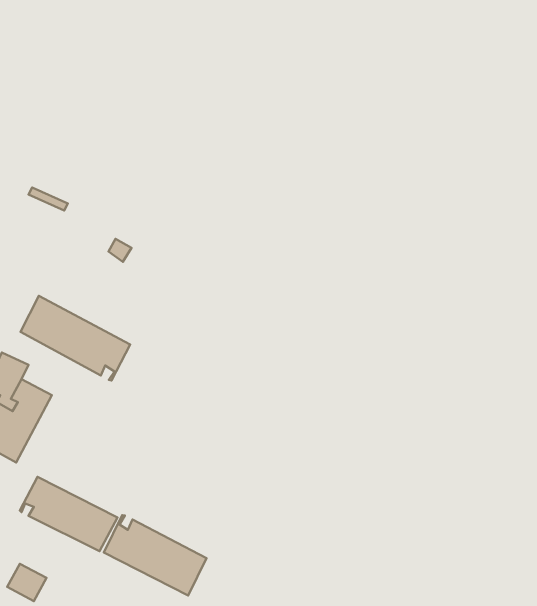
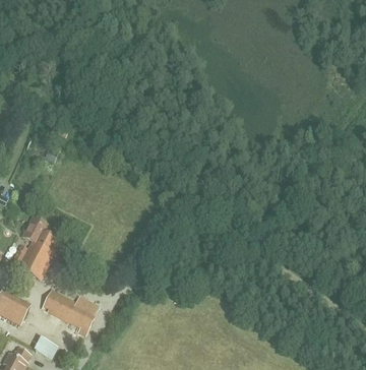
building: [20,296,130,380] -> none
building: [104,515,207,595] -> none

